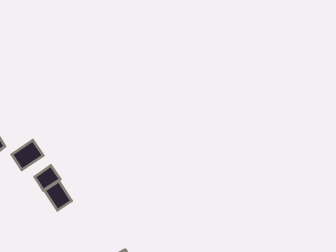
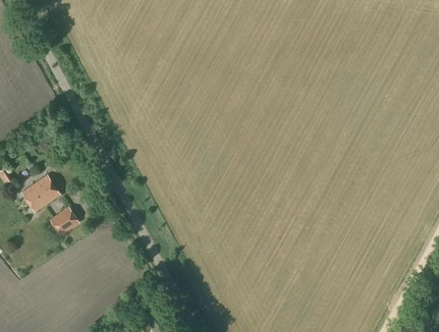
building: [45,181,71,210] -> none

